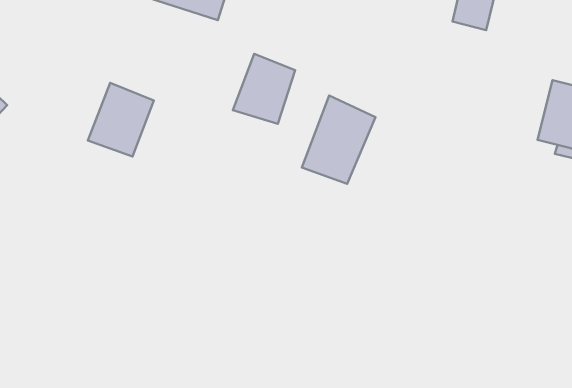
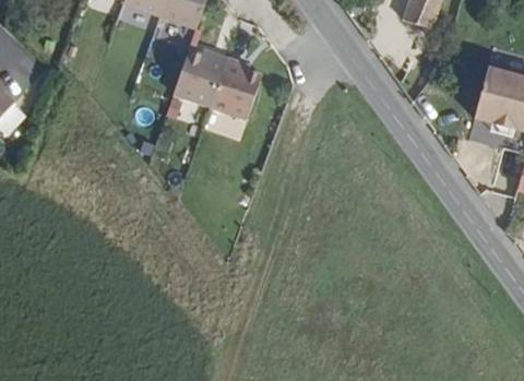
building: [88,83,154,157] -> [167,37,225,102]
building: [302,95,375,184] -> none

